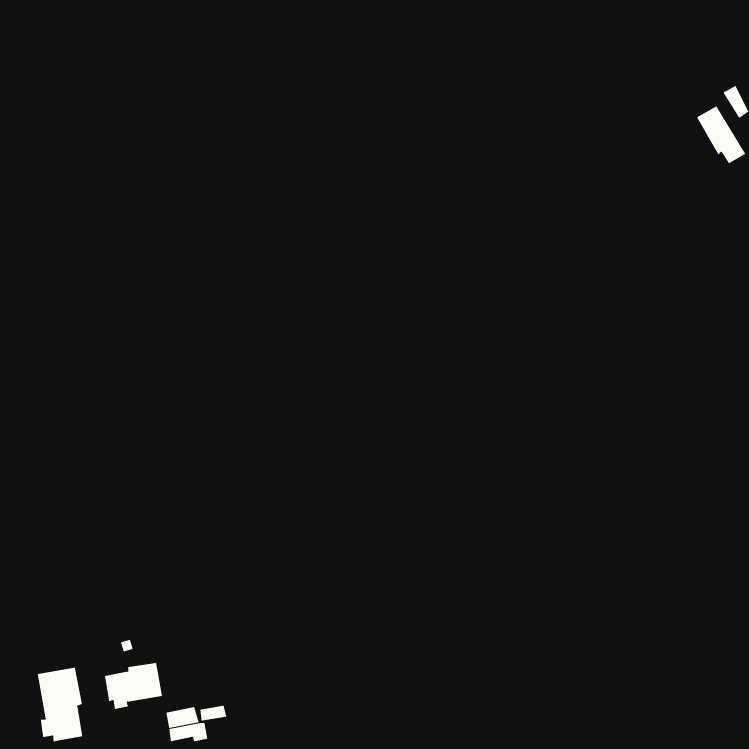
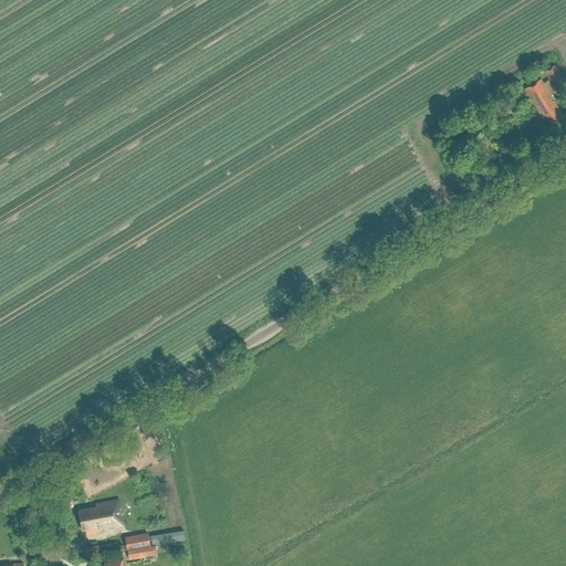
building: [37,667,83,742] -> none

